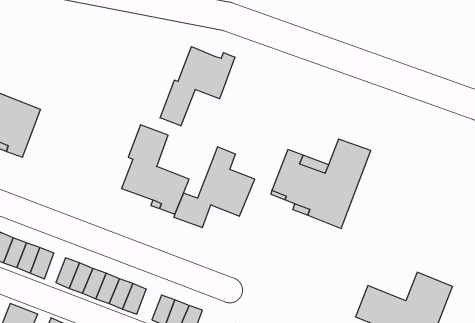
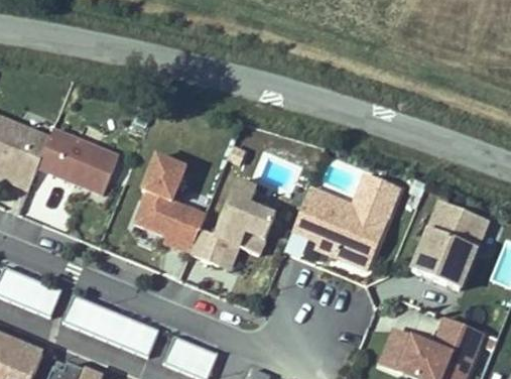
building: [160,47,235,126] -> none
building: none -> [37,131,118,195]
building: none -> [412,199,485,284]

